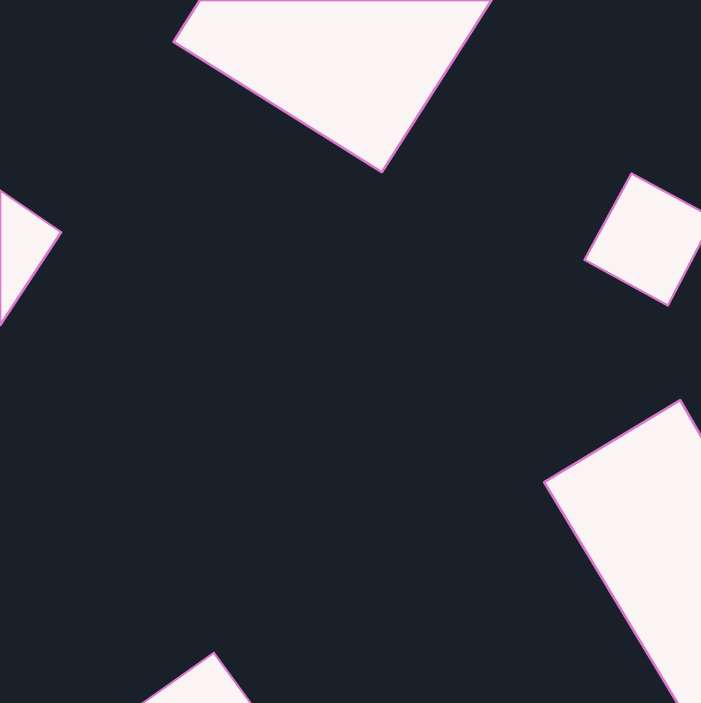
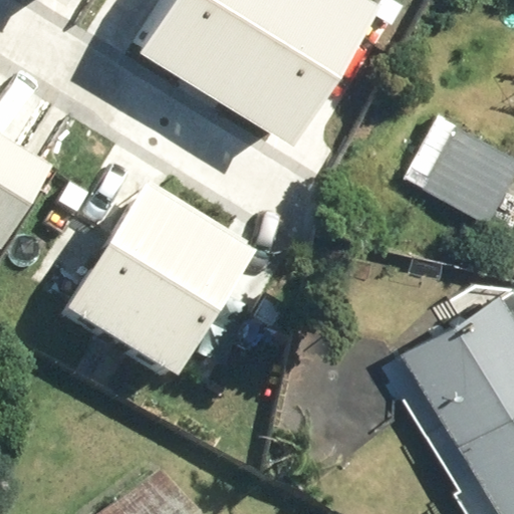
building: none -> [64,190,249,381]

